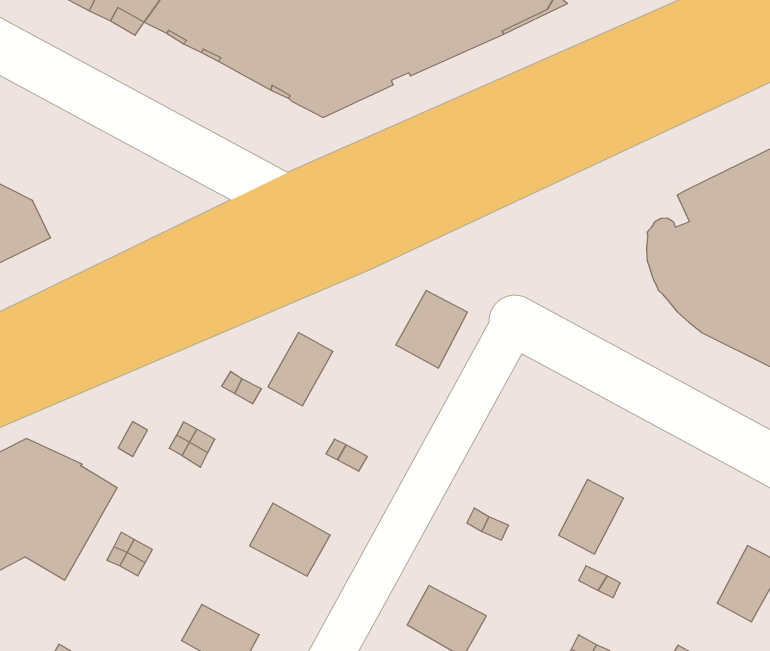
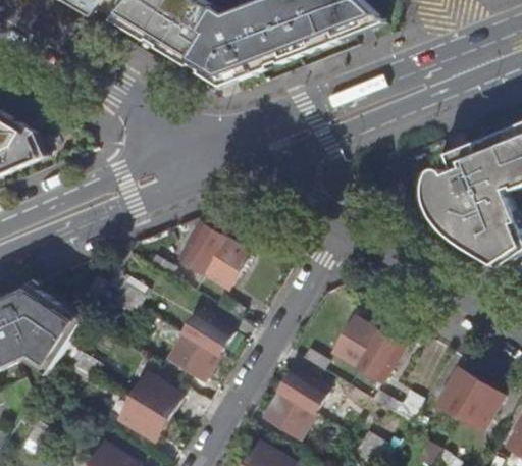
building: [396,291,467,368] -> [202,239,249,289]
building: none -> [333,313,381,364]
building: none -> [179,312,228,356]
building: none -> [437,364,481,413]
building: none -> [276,369,325,413]
building: none -> [130,372,180,417]

